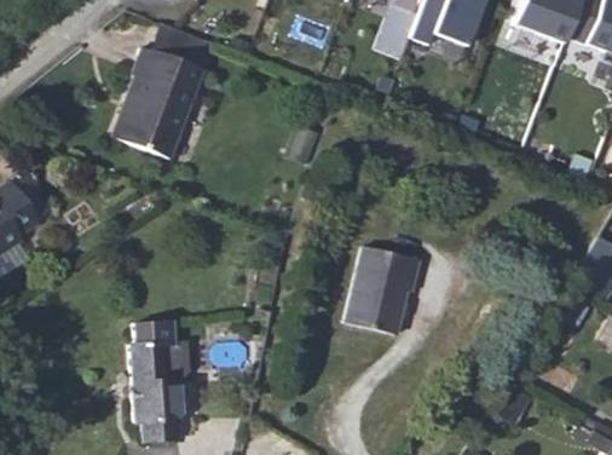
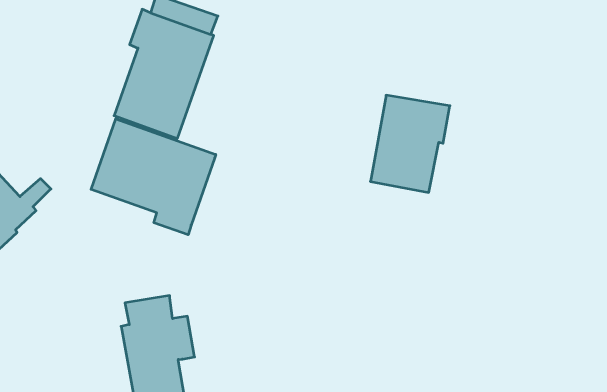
building: none -> [91,119,216,235]
building: [353,237,428,326] -> [370,95,450,192]

